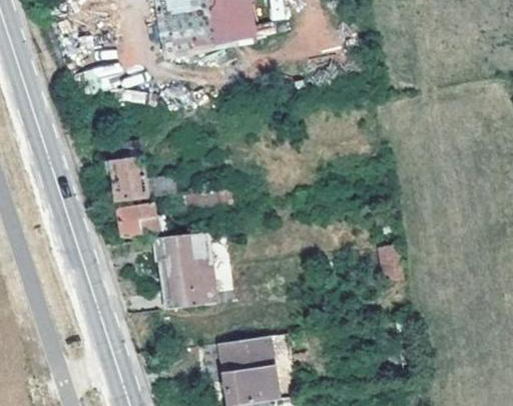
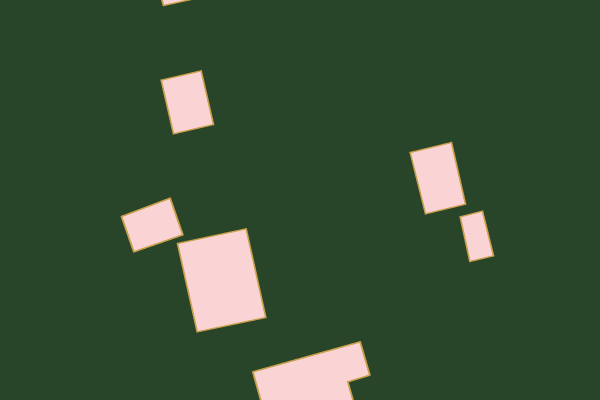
building: [108,156,144,202] -> [161,71,213,134]
building: none -> [410,142,465,214]

